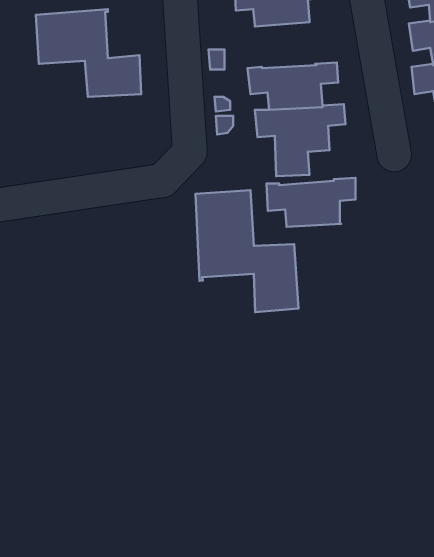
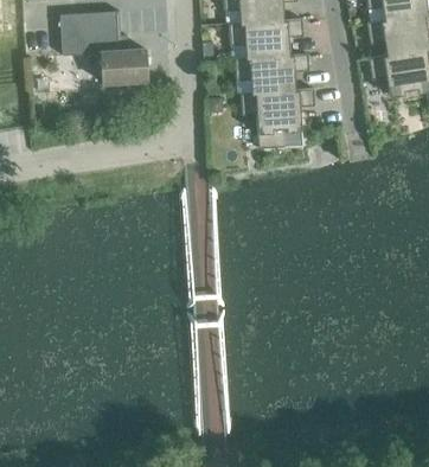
building: [266,178,356,227] -> [229,17,302,57]
building: [196,190,299,312] -> none

